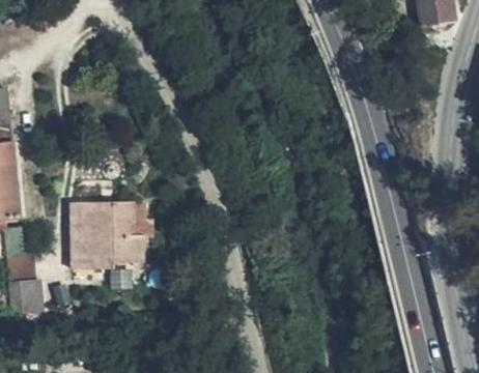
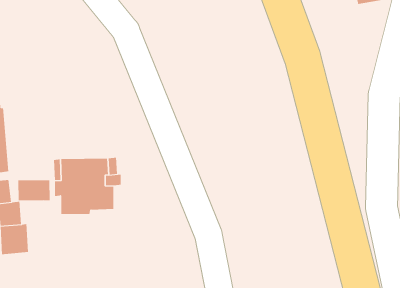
building: none -> [18,180,50,201]

